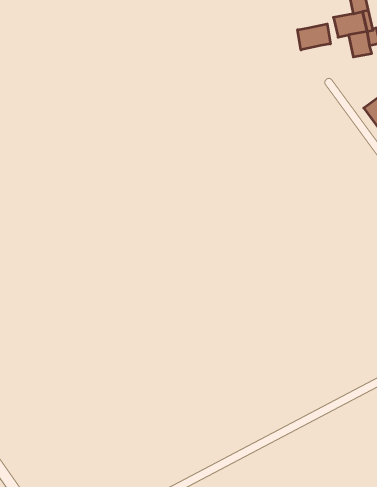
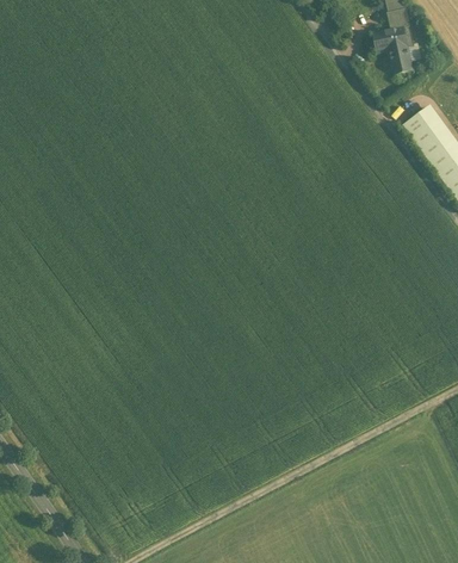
building: [298,24,330,50] -> none

